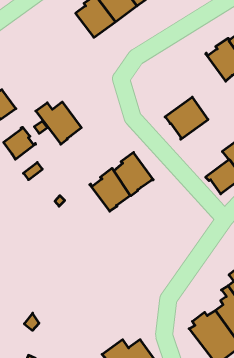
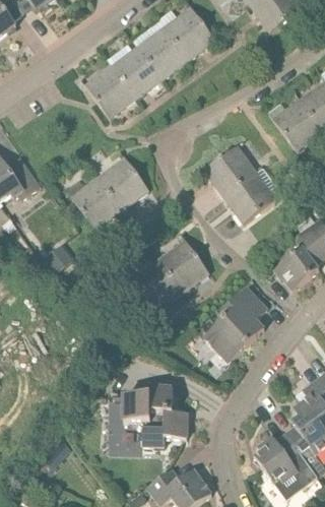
building: none -> [85,64,136,117]
building: none -> [204,144,257,195]
building: none -> [98,156,149,209]
building: [4,127,36,159] -> none
building: none -> [203,287,267,363]
building: none -> [123,388,187,445]

